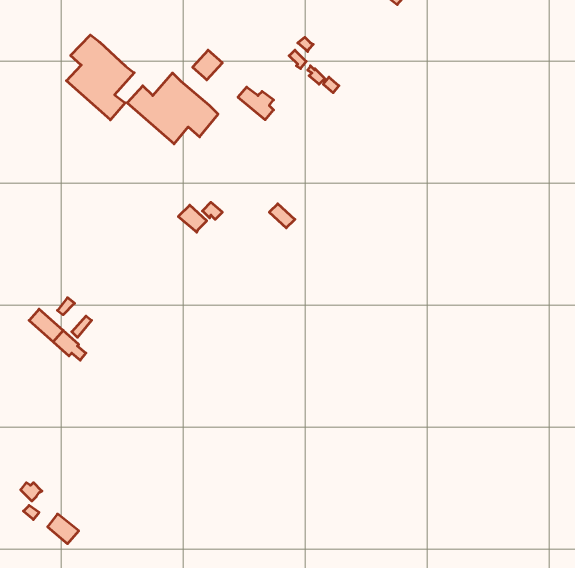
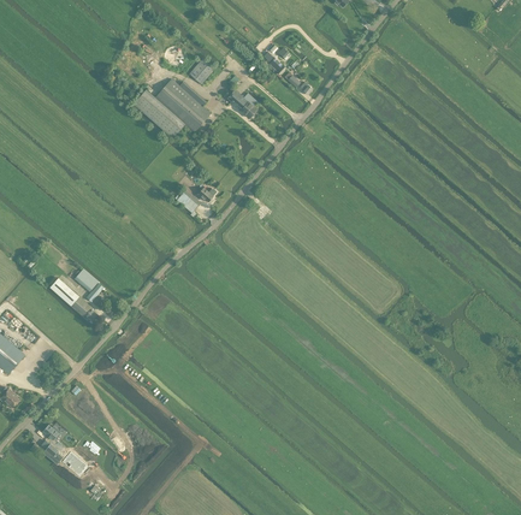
building: [66,35,134,120] -> none

